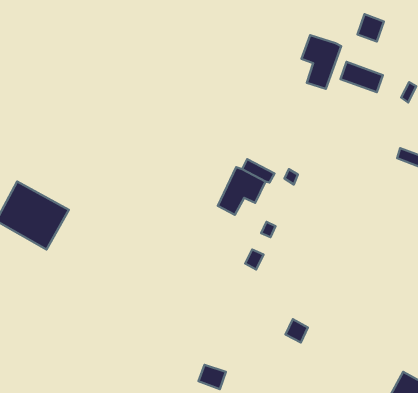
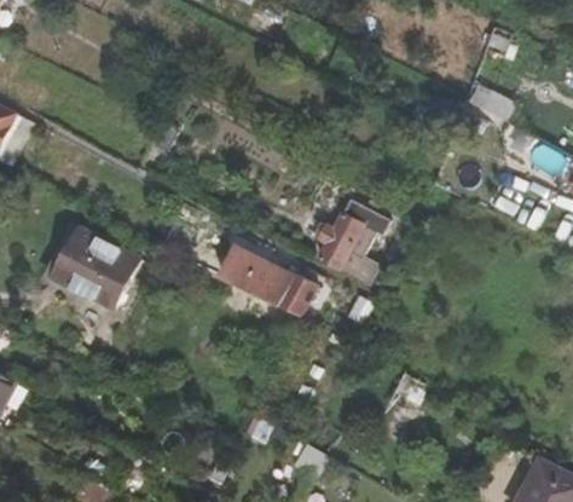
building: [302,35,341,89] -> none
building: none -> [221,247,314,315]

